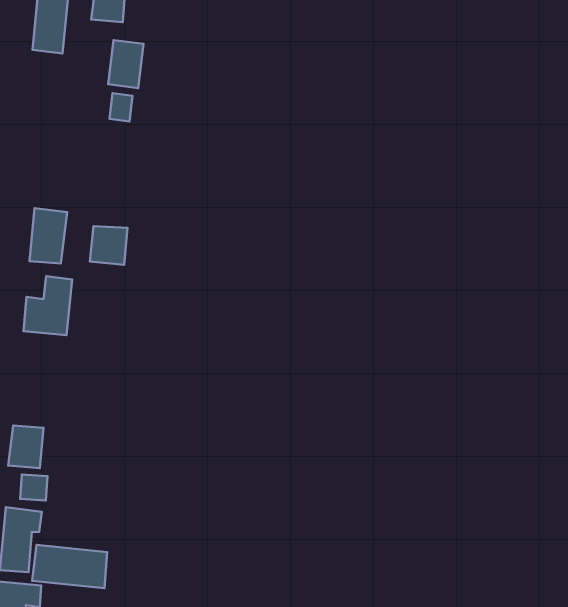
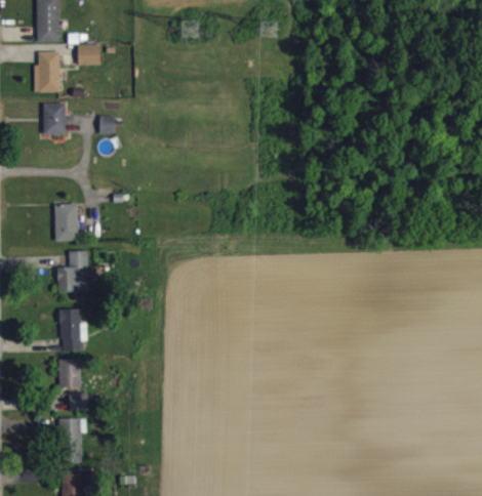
building: [108,40,144,88] -> [44,104,66,135]
building: [90,226,128,265] -> none
building: none -> [61,308,87,352]
building: [32,545,107,588] -> none

